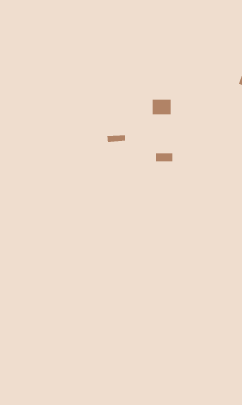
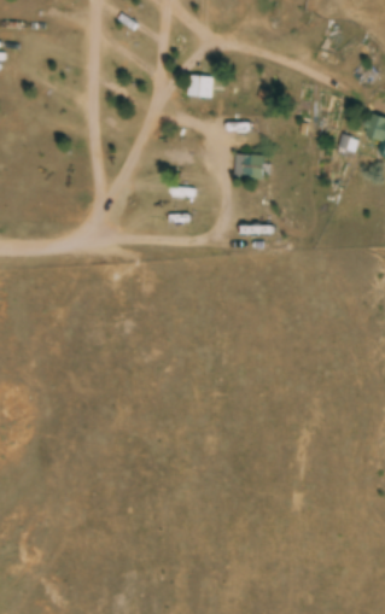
building: none -> [188,72,215,97]

